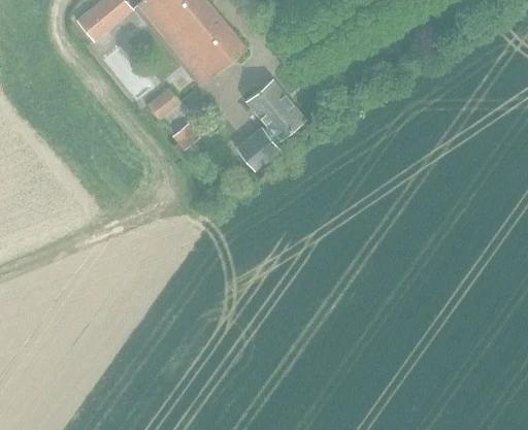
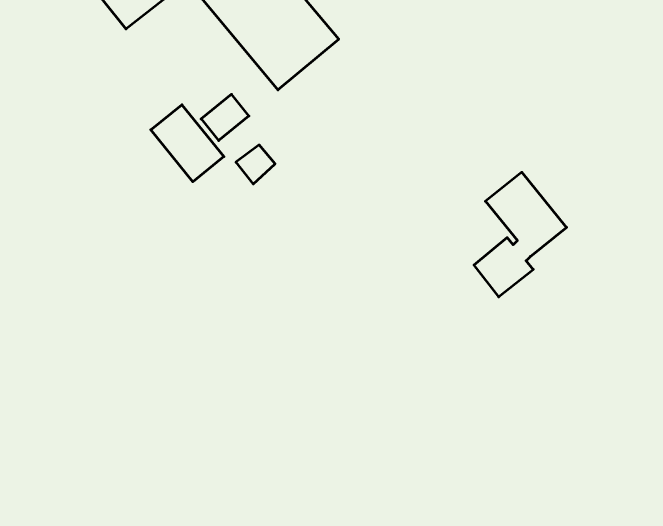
building: [238,80,304,169] -> [474,172,567,297]
building: none -> [151,105,224,182]

